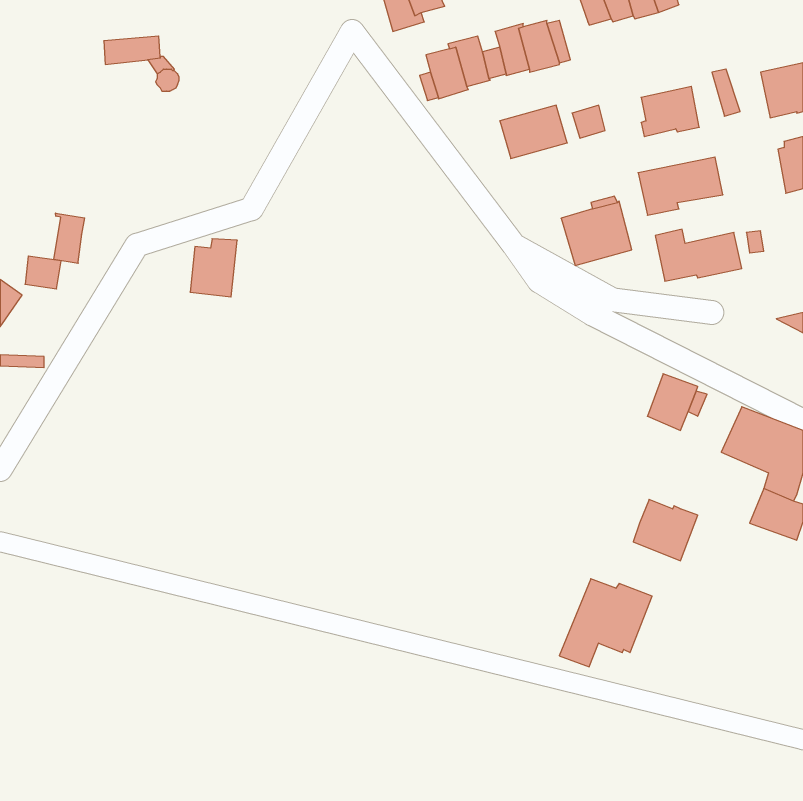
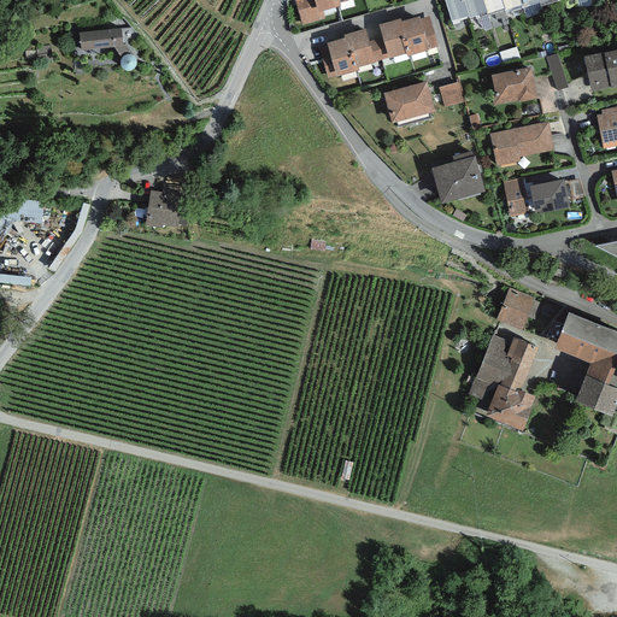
building: [54,213,85,263] -> none
building: [559,579,652,667] -> [468,334,539,401]

